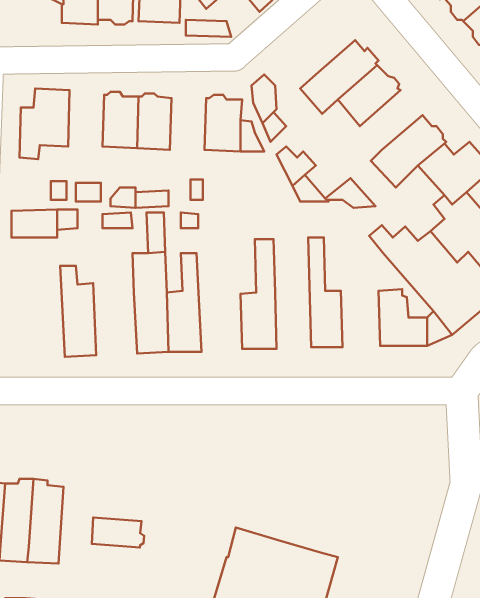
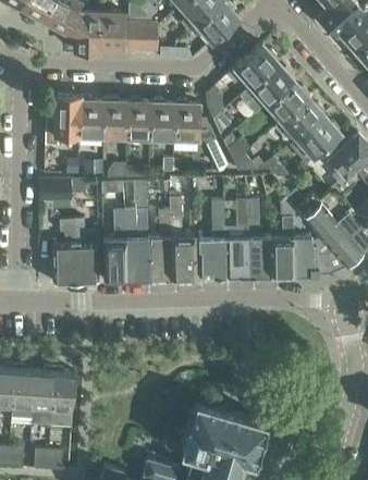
building: none -> [229,45,278,87]
building: none -> [78,98,103,137]
building: none -> [274,98,324,139]
building: none -> [149,100,174,139]
building: none -> [168,198,195,280]
building: none -> [268,199,297,276]
building: none -> [222,200,247,278]
building: none -> [100,211,126,282]
building: none -> [51,220,76,284]
building: [92,517,144,548] -> none

